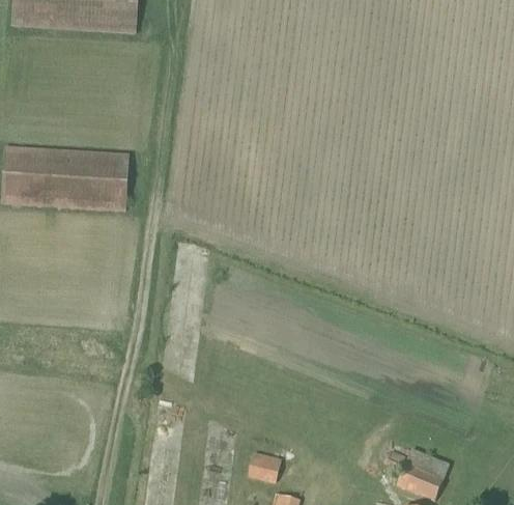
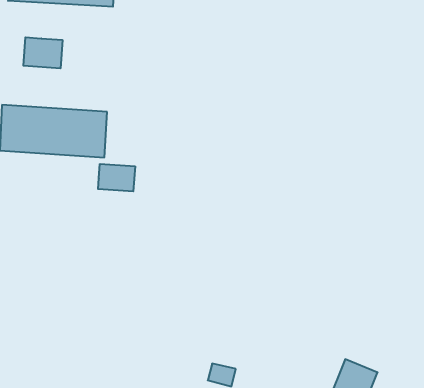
building: none -> [23,37,62,68]
building: none -> [98,164,135,191]

